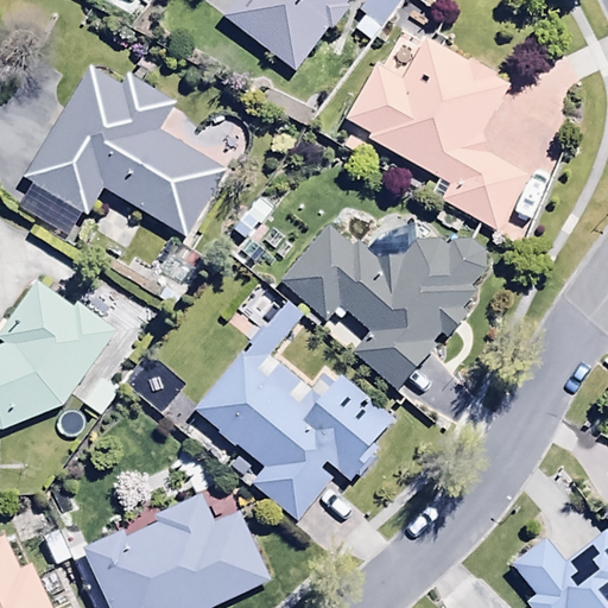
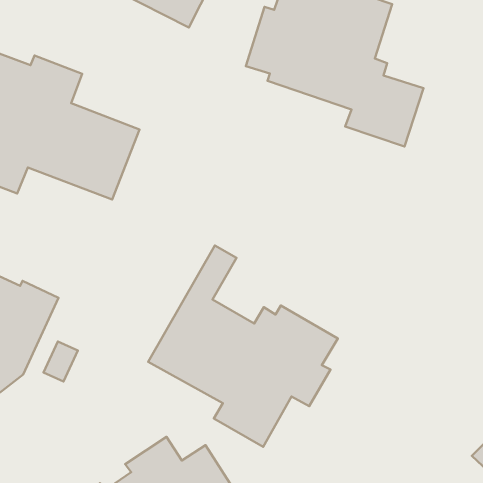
building: [285,226,489,390] -> none

